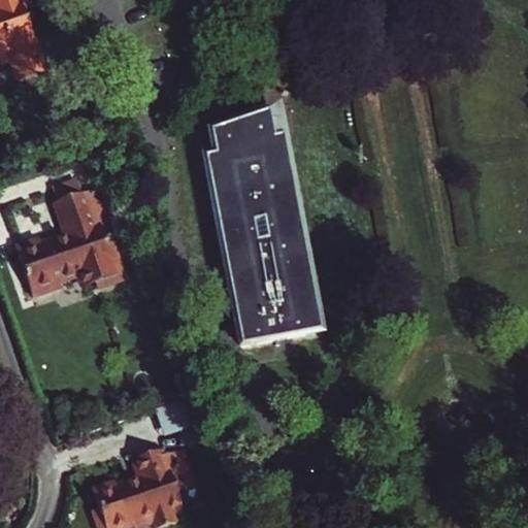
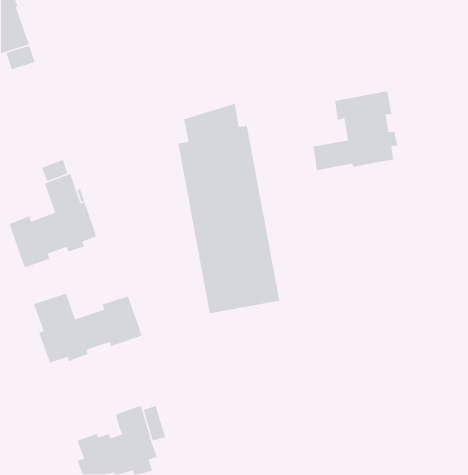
building: none -> [313,91,398,171]
building: none -> [33,292,143,363]

